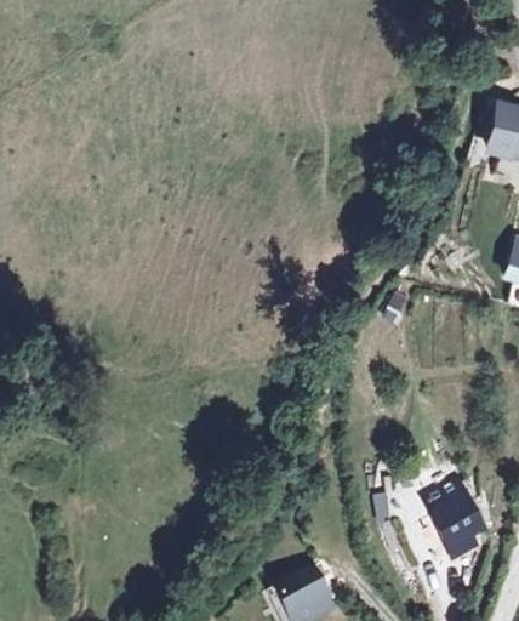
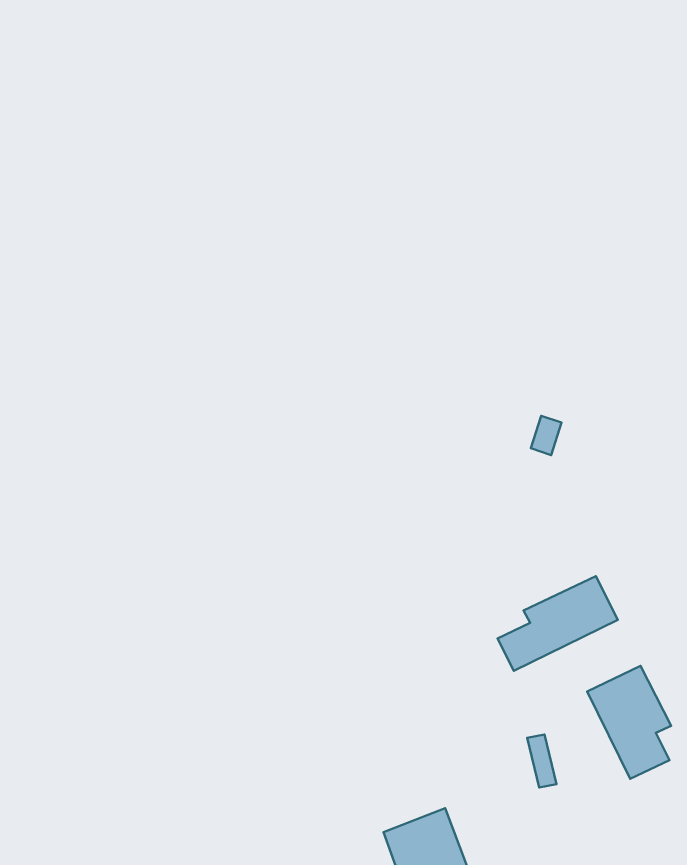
building: none -> [497,576,618,671]

